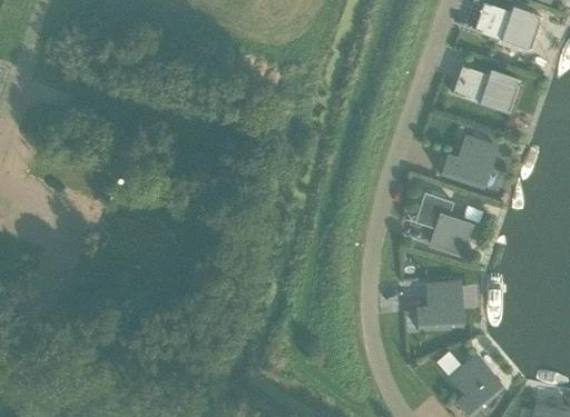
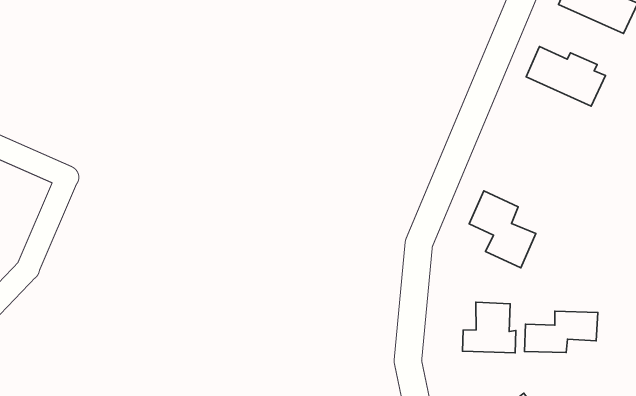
building: [440,138,491,191] -> none
building: none -> [524,311,598,353]

